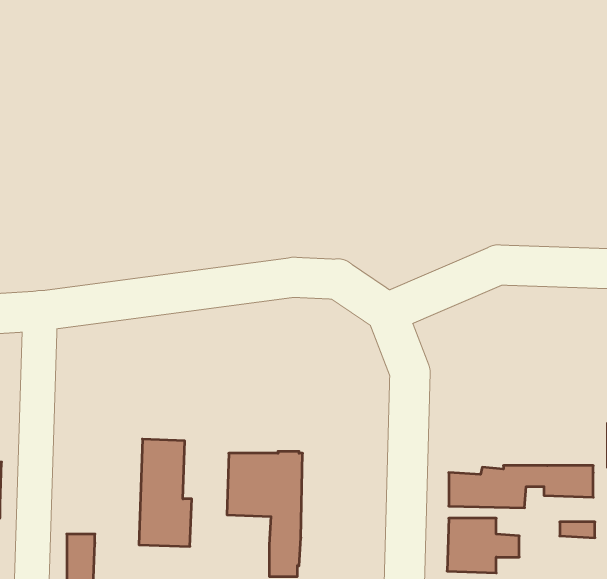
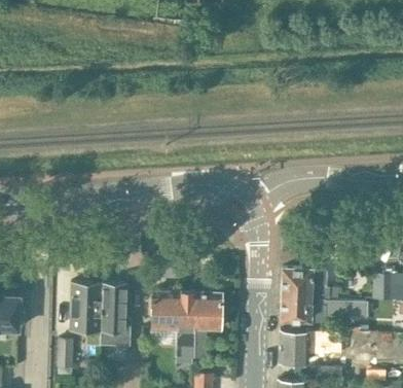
building: none -> [281,270,338,306]
building: none -> [70,284,102,347]
building: none -> [193,293,222,359]

